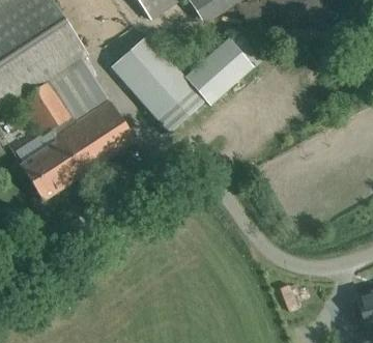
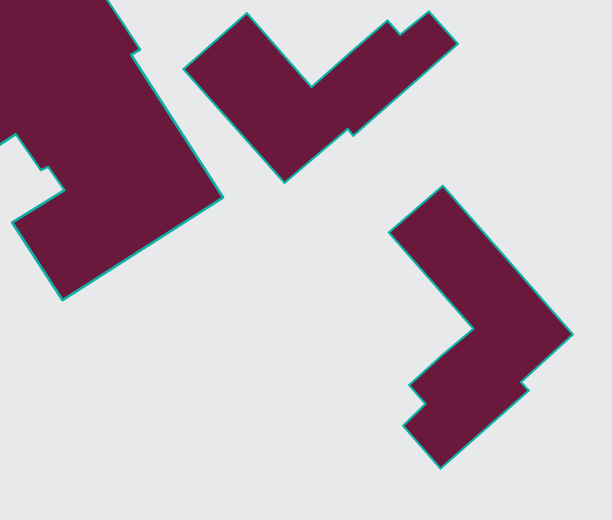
building: none -> [389,186,573,468]

